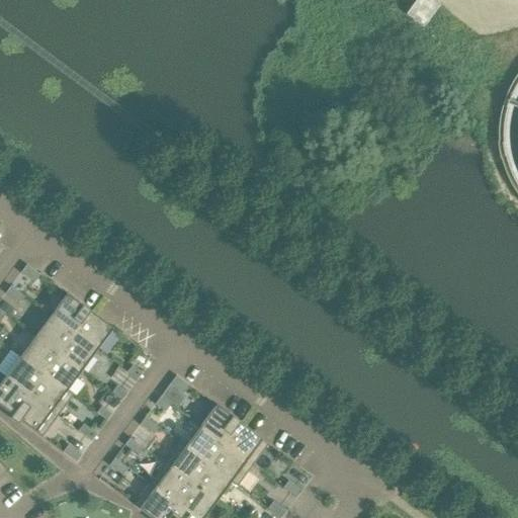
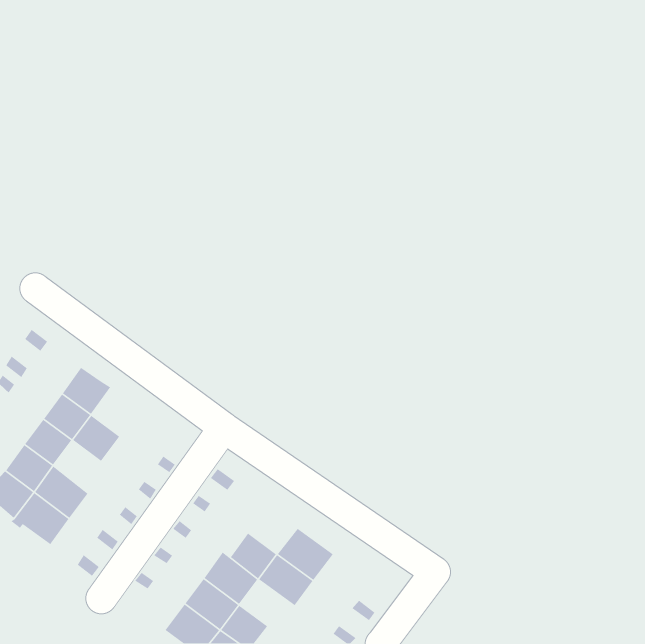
building: [73,311,111,349] -> none
building: [42,352,81,395] -> none
building: [198,404,239,443] -> none
building: [191,463,236,501] -> none

